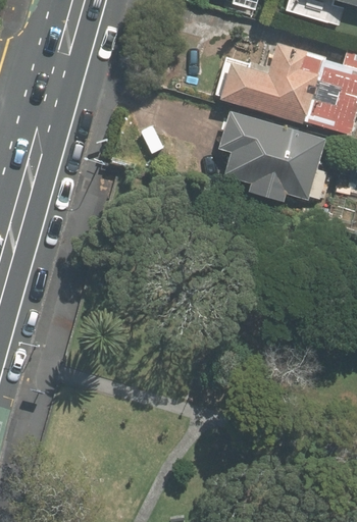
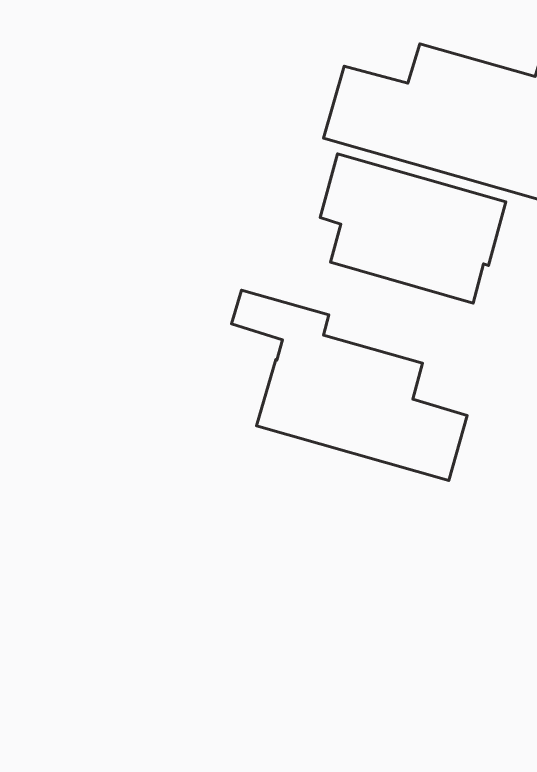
building: none -> [231,290,467,481]

